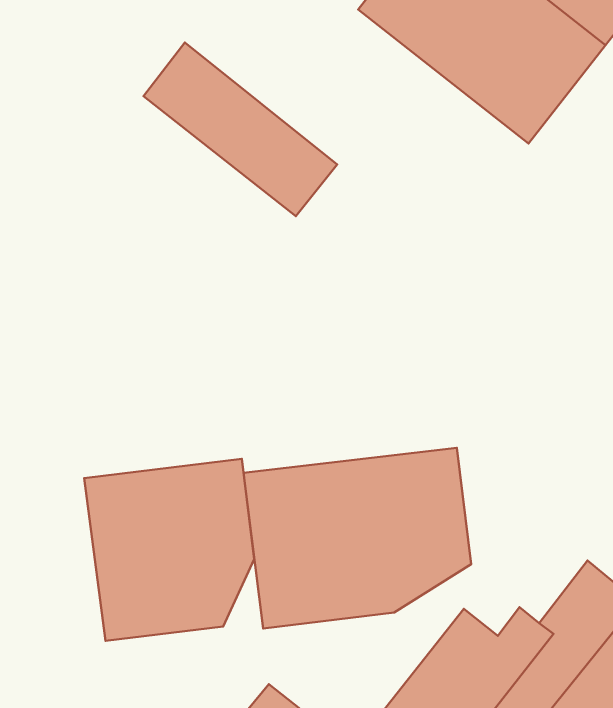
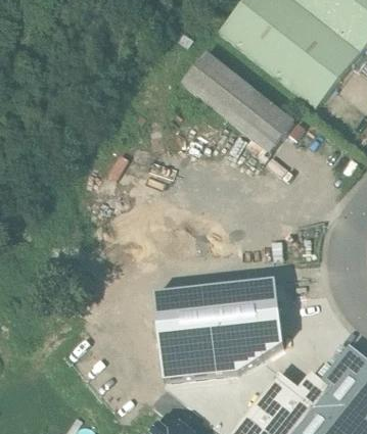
building: [144,43,337,216] -> [183,52,293,151]
building: [84,459,254,641] -> none

